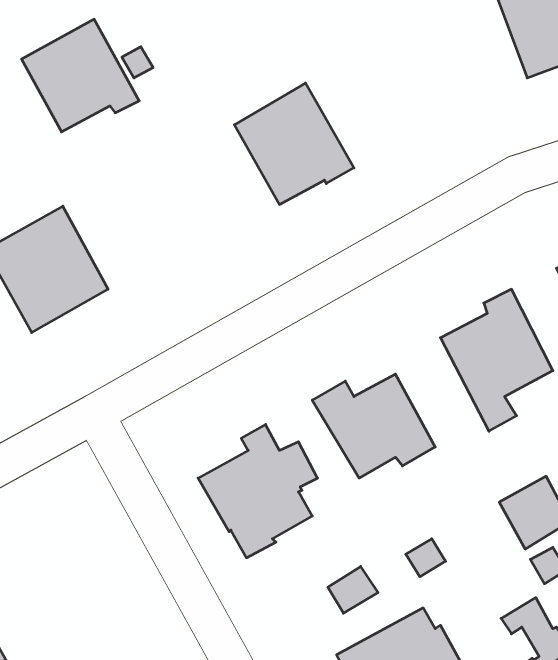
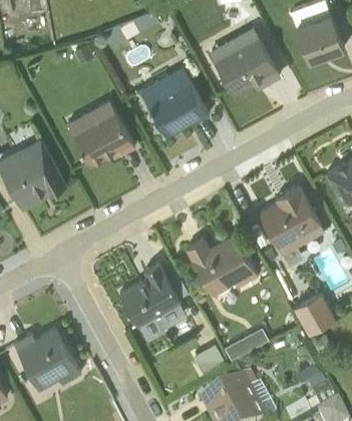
building: none -> [209,26,281,94]
building: [22,19,139,132] -> [66,100,134,165]
building: none -> [13,329,79,390]

